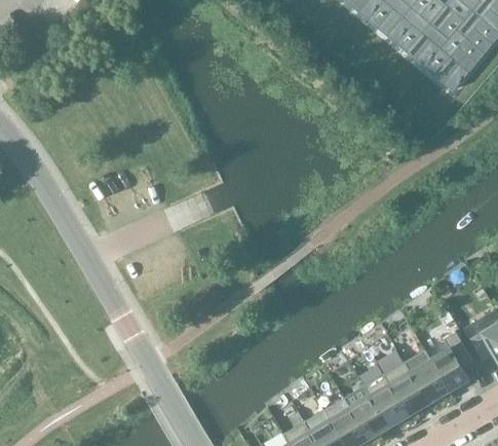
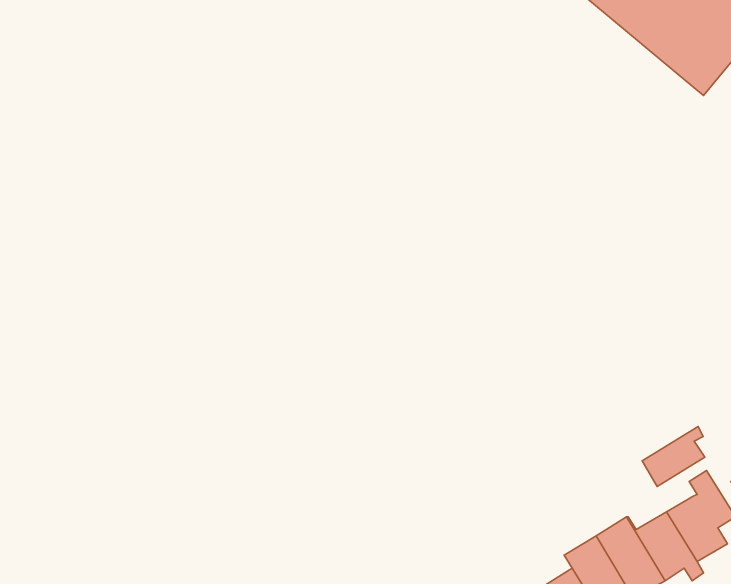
building: none -> [642,426,705,487]

